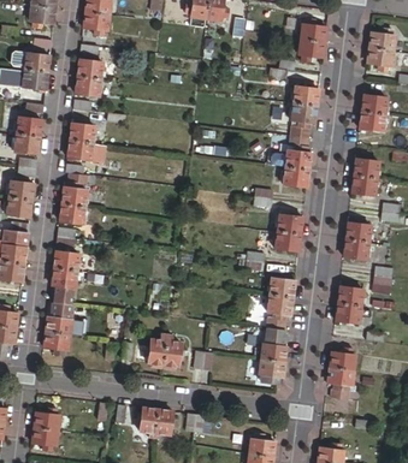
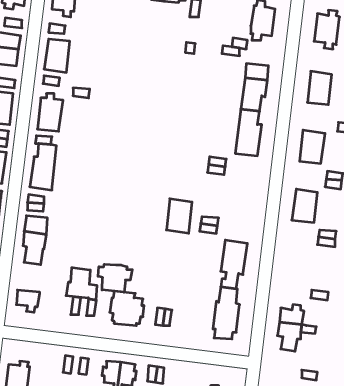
building: [274,214,302,251] -> [166,199,192,233]
building: [336,286,363,322] -> none
building: [46,302,79,337] -> [66,268,97,300]
building: none -> [98,264,132,292]

